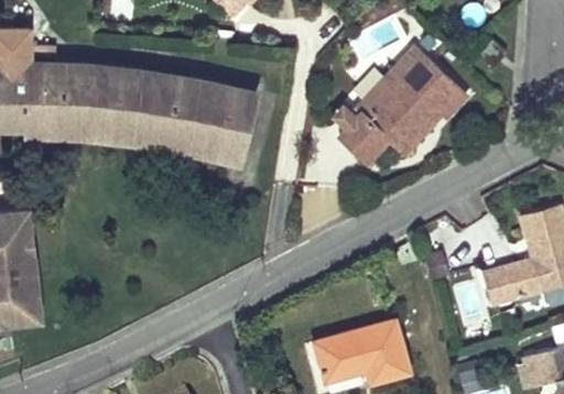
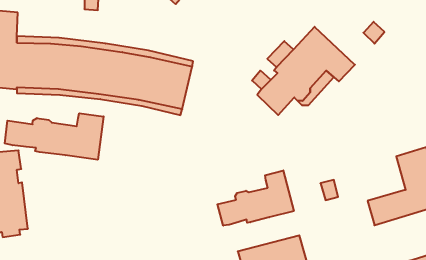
building: none -> [5,113,104,160]
building: none -> [217,170,294,226]

